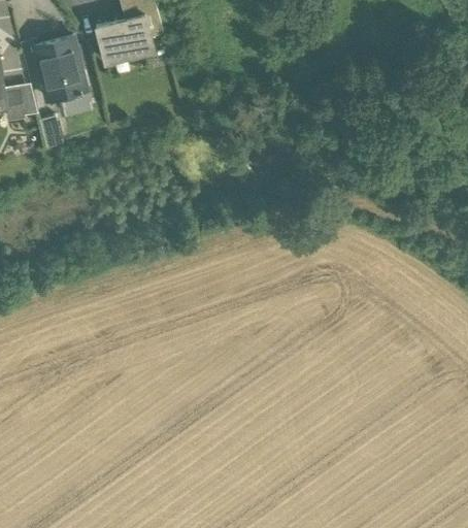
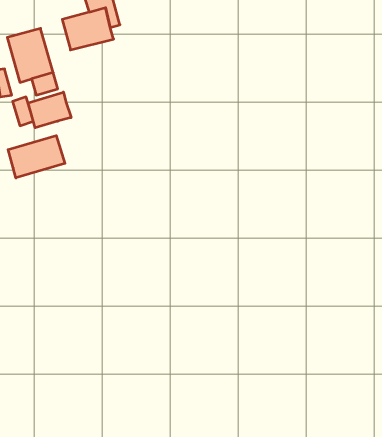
building: none -> [28,92,71,128]
building: none -> [8,136,65,178]

